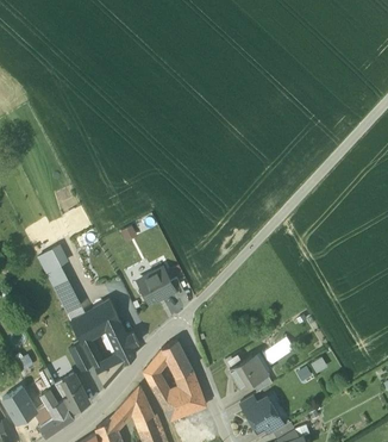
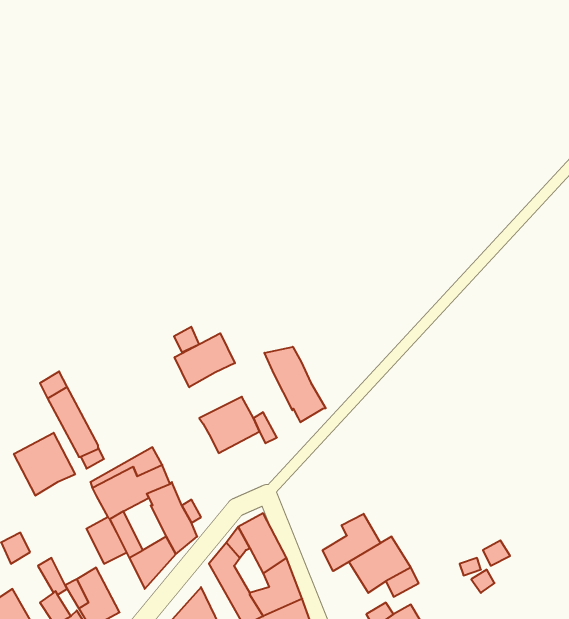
building: none -> [175,333,235,387]
building: none -> [264,347,326,422]
building: none -> [14,433,75,496]
building: none -> [323,514,381,571]

